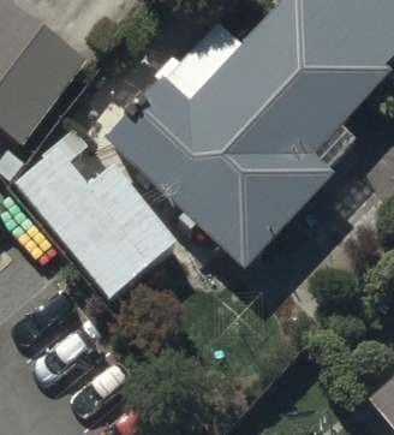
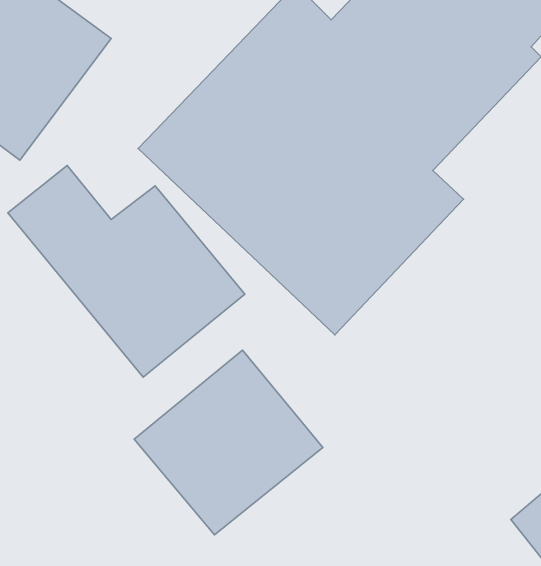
building: none -> [134,350,323,535]

